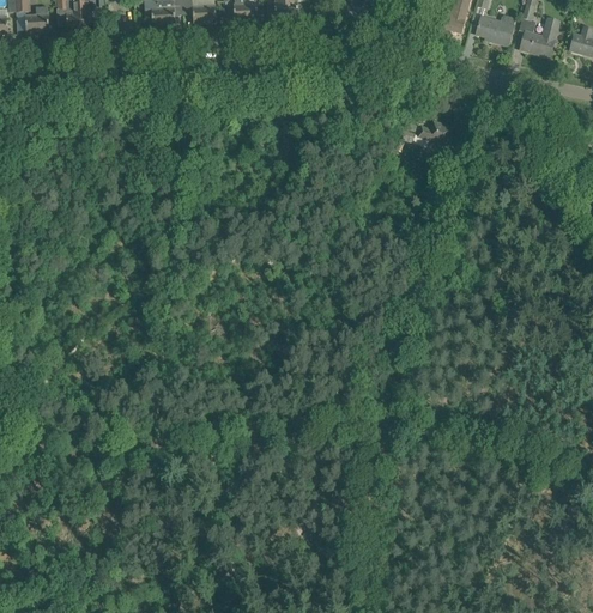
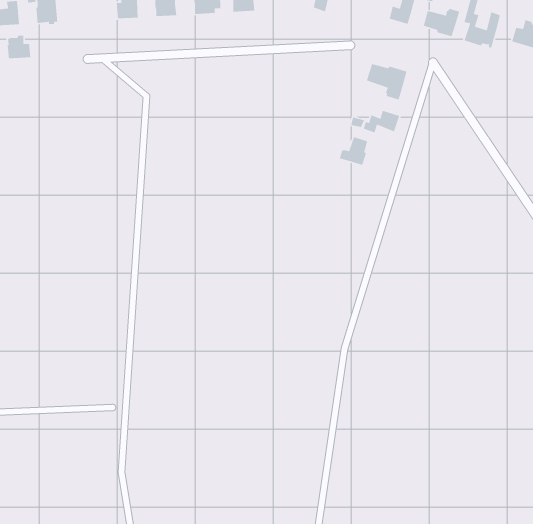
building: none -> [7,35,31,59]
building: none -> [366,63,408,101]
building: none -> [339,136,368,166]

